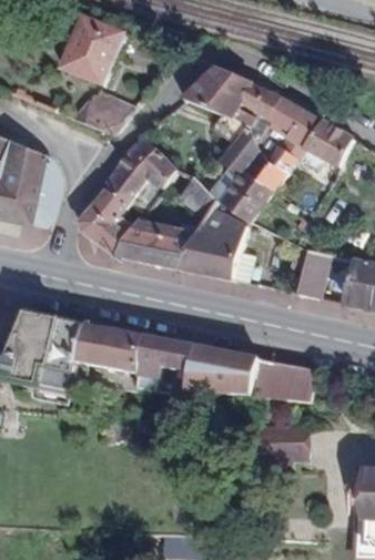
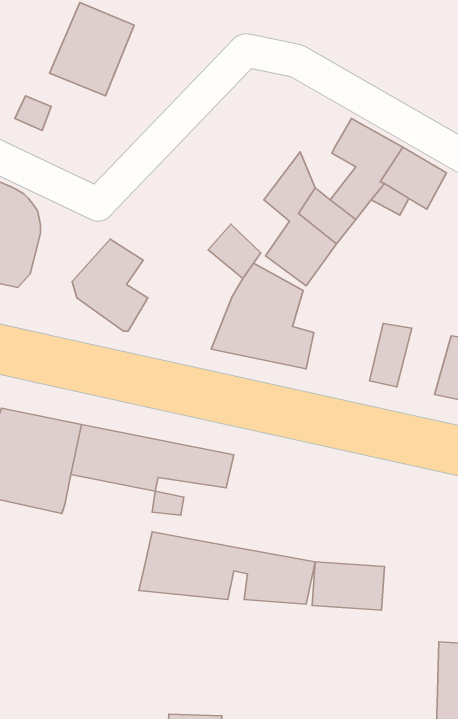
building: [185,67,284,125] -> none
building: [75,89,135,134] -> none
building: [102,136,176,203] -> none
building: [120,217,196,268] -> none
building: [188,346,317,399] -> [139,532,315,604]

